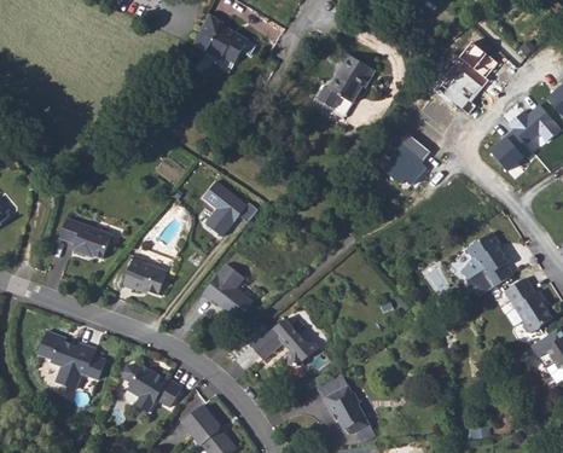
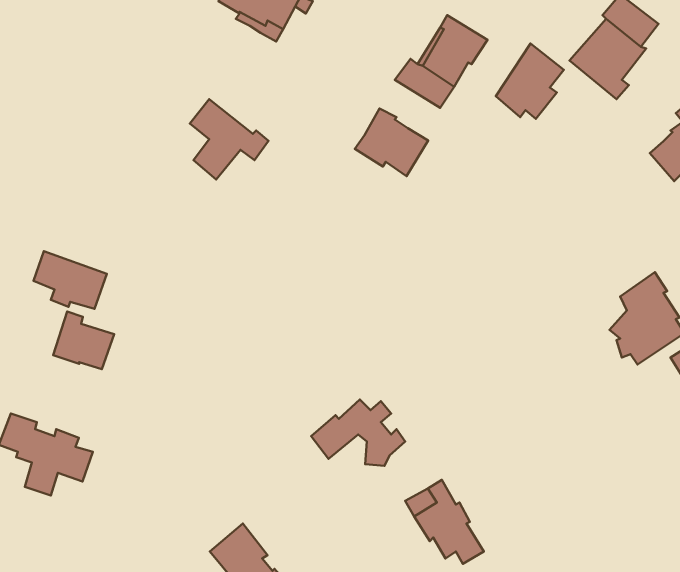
building: none -> [355,109,428,176]
building: [381,132,428,184] -> [496,44,564,119]
building: [201,179,255,234] -> [190,99,268,179]
building: [126,255,168,295] -> [53,311,114,369]
building: [201,262,250,316] -> none
building: [124,364,184,413] -> none

